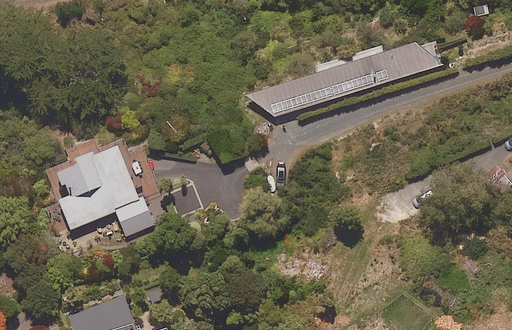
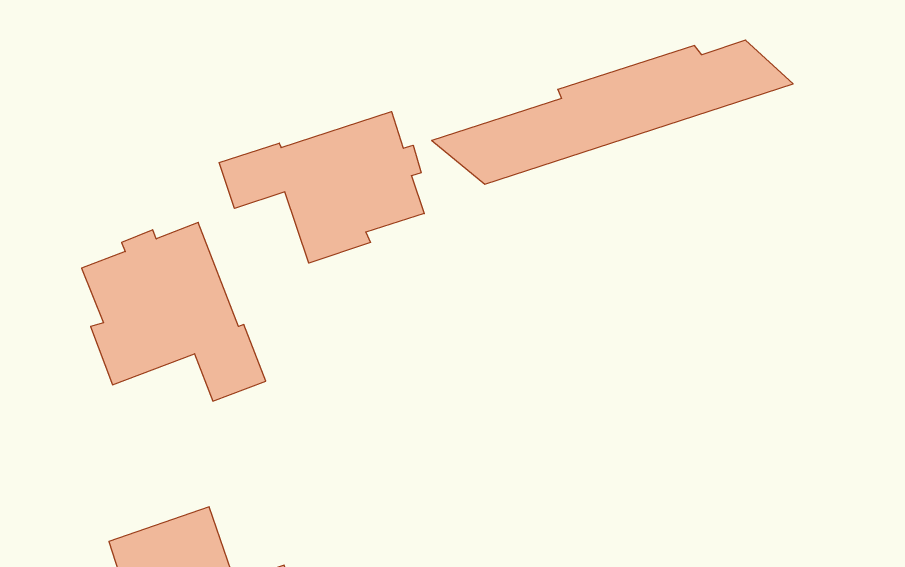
building: none -> [219,112,424,263]

